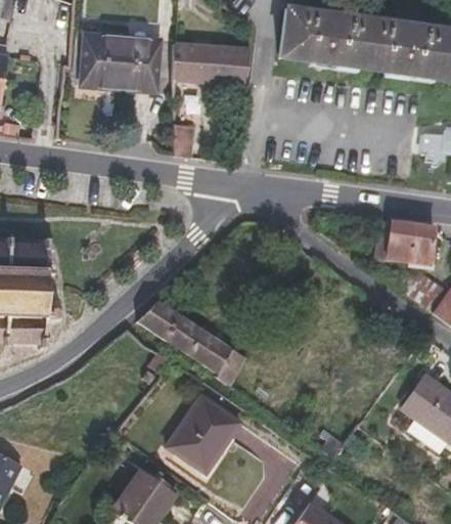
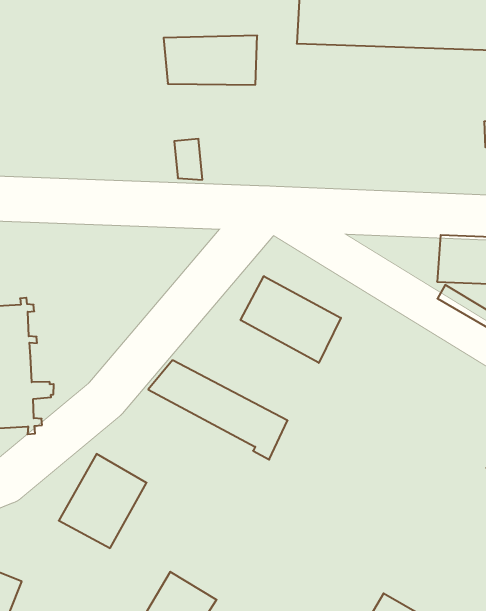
building: [80,33,161,91] -> none
building: none -> [241,276,341,363]
building: [166,395,238,471] -> [59,454,147,548]

